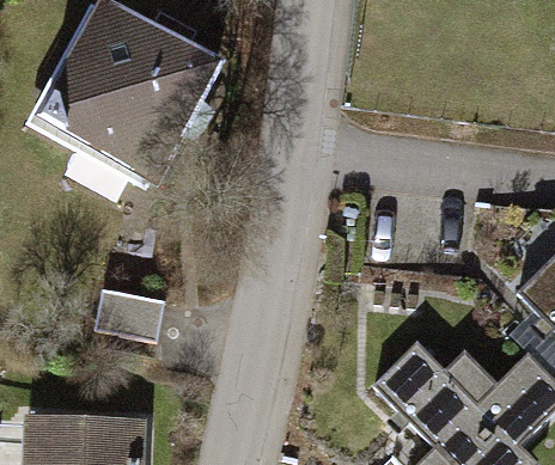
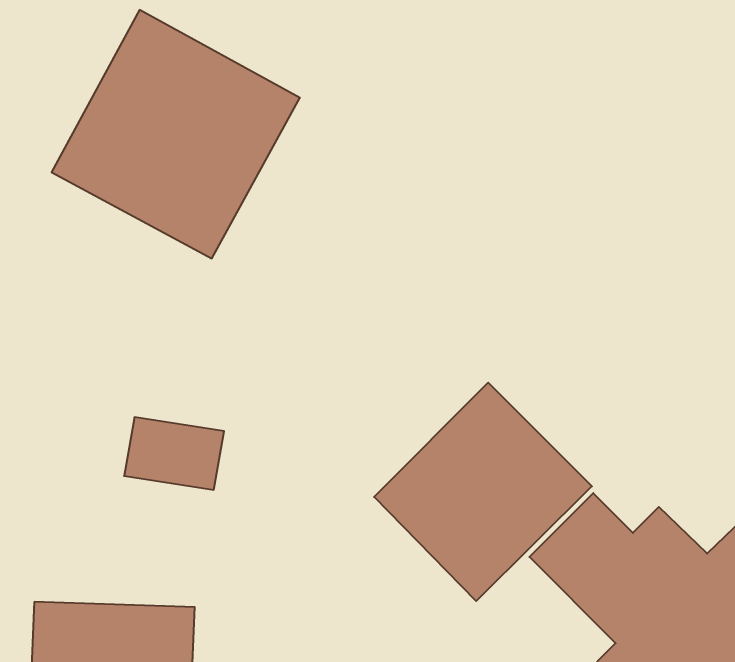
building: none -> [374,383,592,601]

